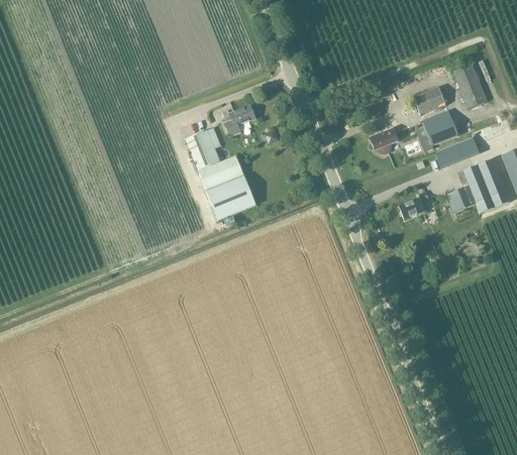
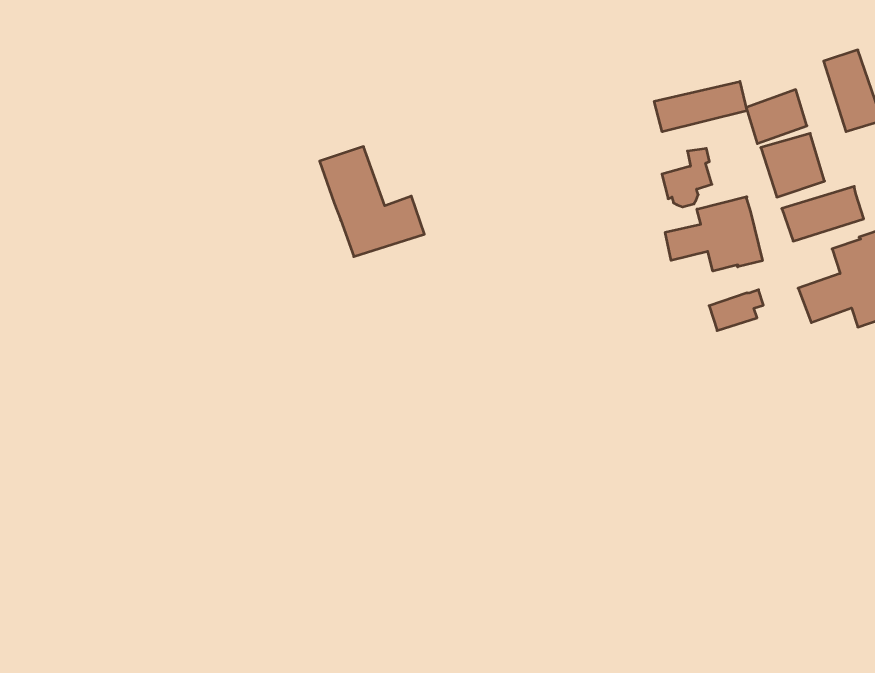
building: none -> [654,81,747,132]
building: [223,106,255,137] -> none
building: none -> [665,197,762,271]
building: [206,176,255,221] -> none

